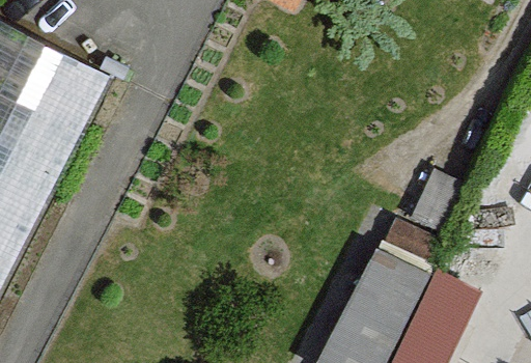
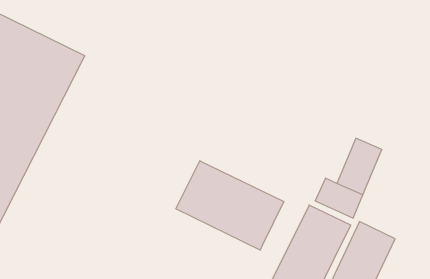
building: none -> [176,161,284,250]

